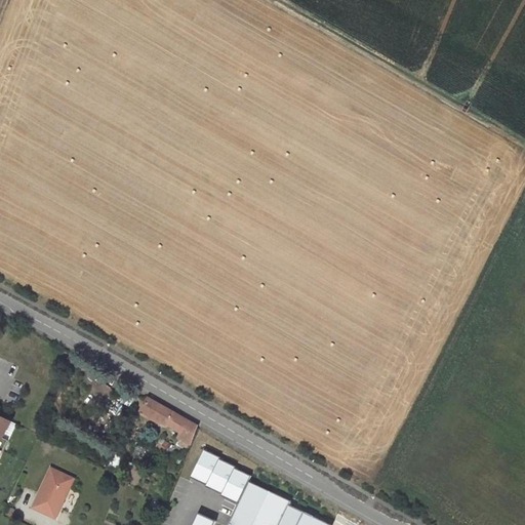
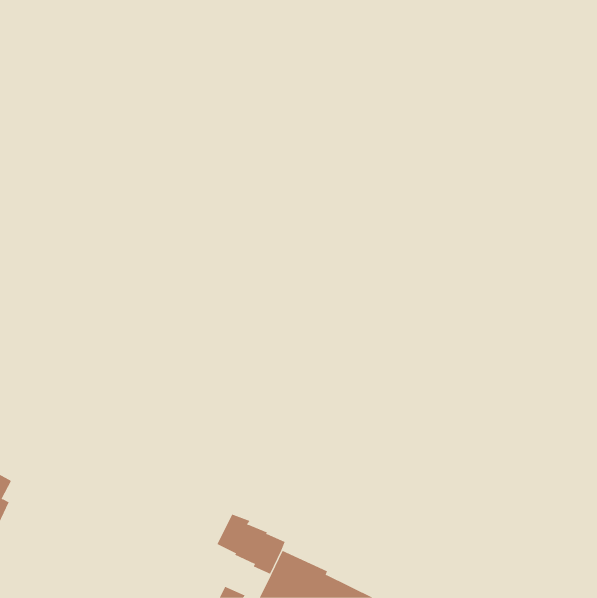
building: [139,399,197,446] -> none
building: [32,468,73,518] -> none

